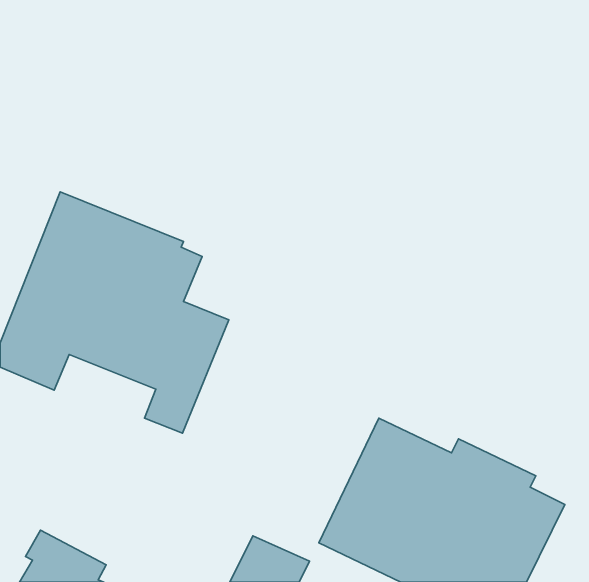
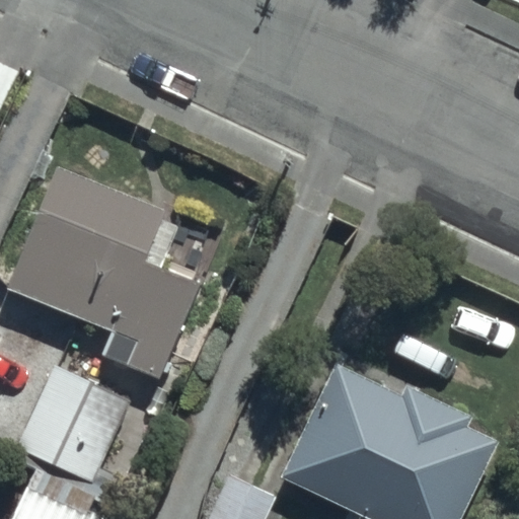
building: none -> [16,366,131,485]

